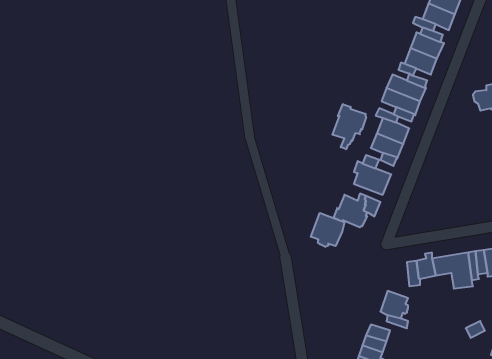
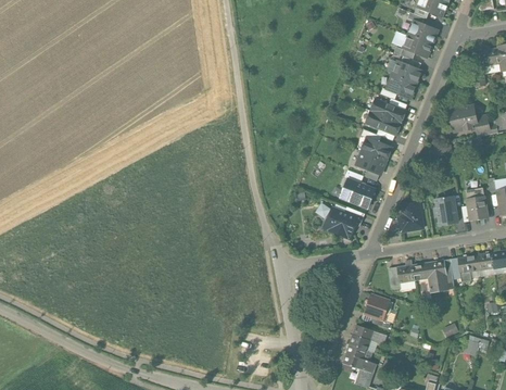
building: [332,104,366,149] -> none
building: none -> [434,197,457,225]
building: none -> [400,203,423,231]
building: [311,213,344,247] -> none

